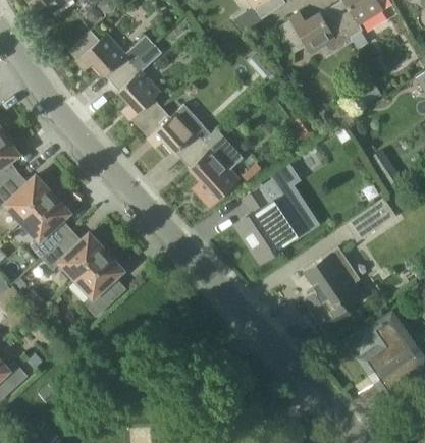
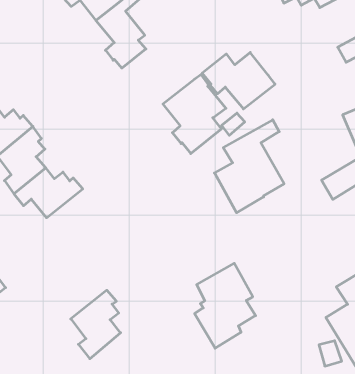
building: [140,104,212,160] -> [202,52,275,109]
building: [304,247,364,332] -> [195,263,256,348]
building: [75,248,125,317] -> [71,290,121,359]

